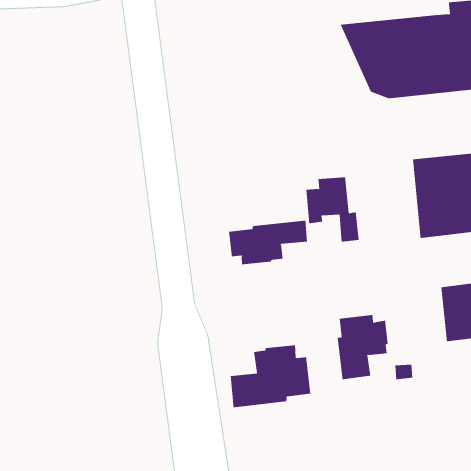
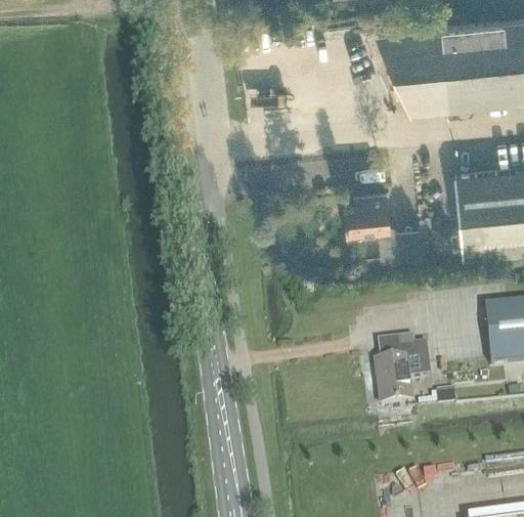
building: [229,220,308,265] -> none
building: [230,344,311,408] -> none

